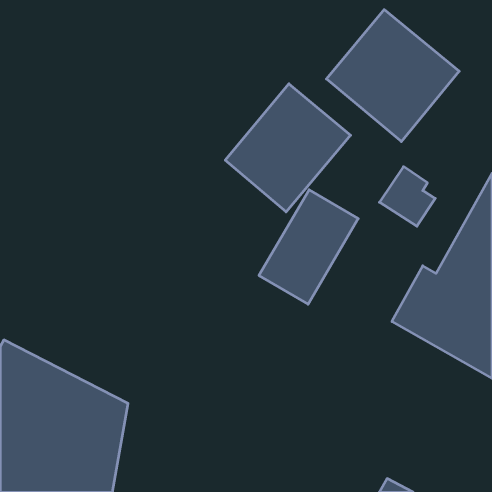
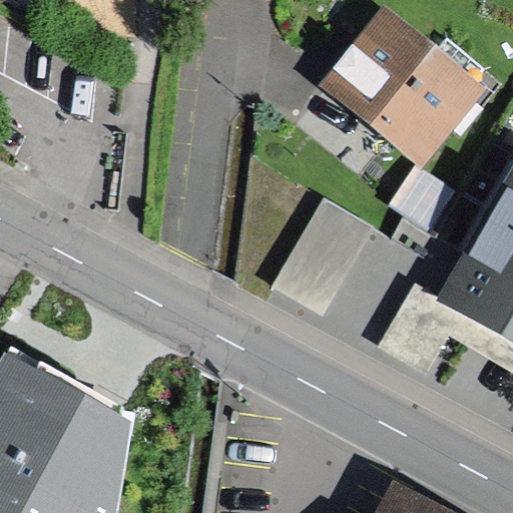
building: [225,84,351,212] -> none

